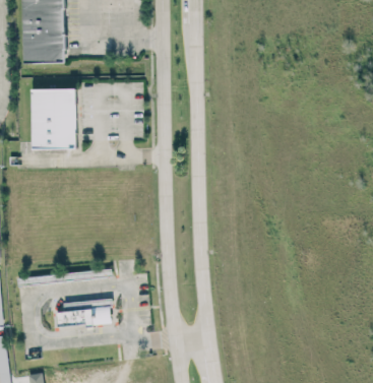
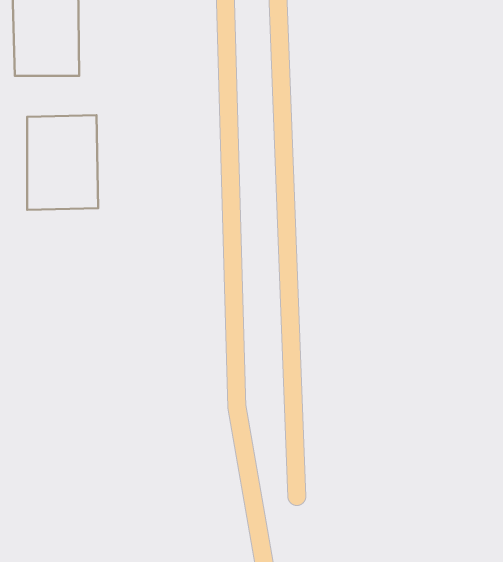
building: [53,298,110,326] -> none

